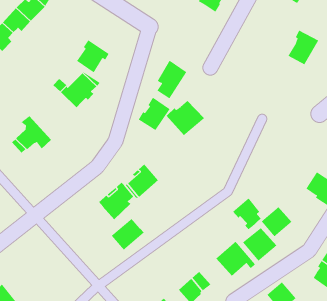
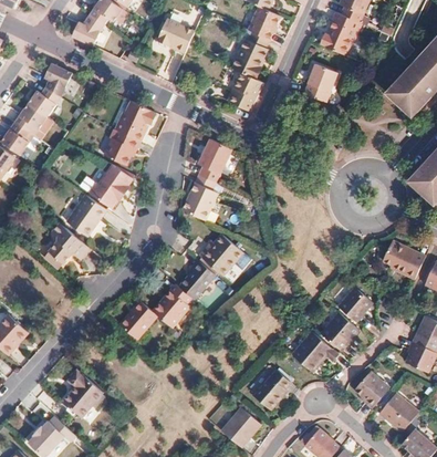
building: none -> [228,71,264,112]
building: none -> [115,102,156,141]
building: [288,30,319,65] -> [303,63,336,102]
building: none -> [67,194,107,236]
building: [166,100,205,136] -> [199,235,243,276]
building: [232,197,262,230] -> none
building: [111,218,145,250] -> [118,300,156,337]
building: none -> [63,371,103,418]

